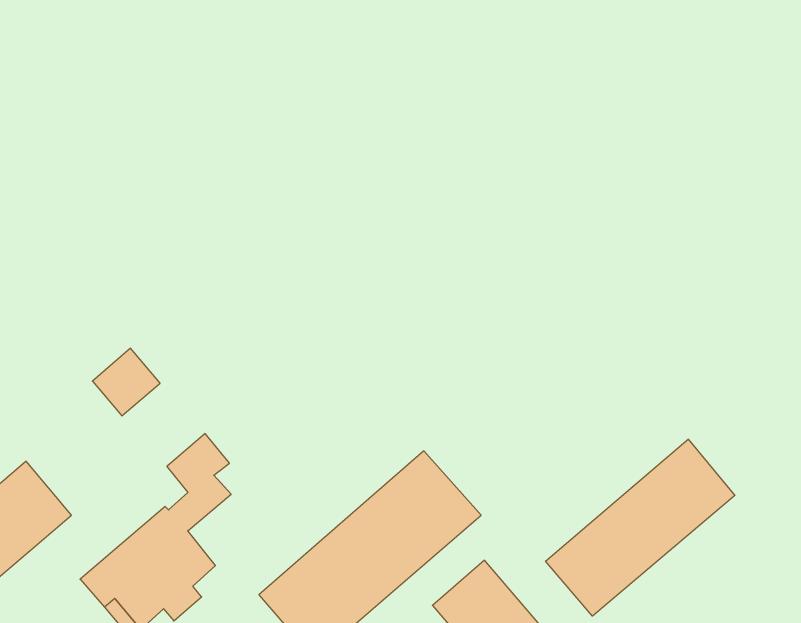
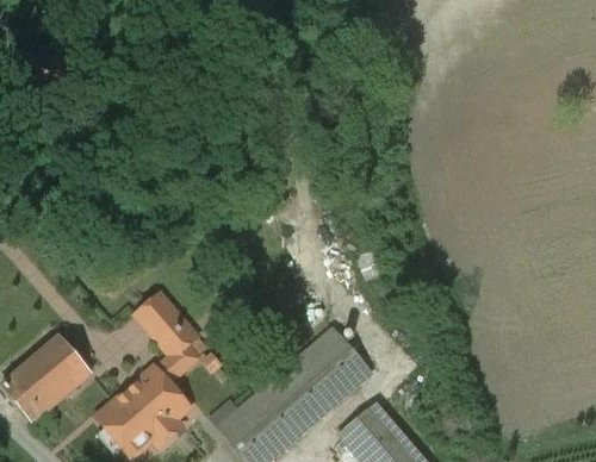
building: [92,348,160,416] -> [136,292,182,338]
building: [546,439,735,616] -> none

